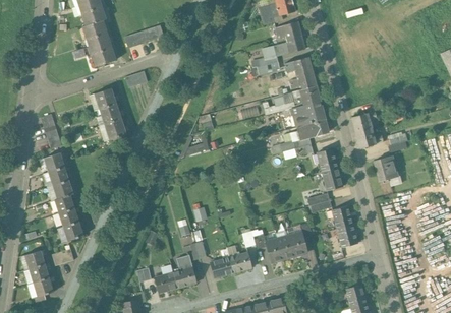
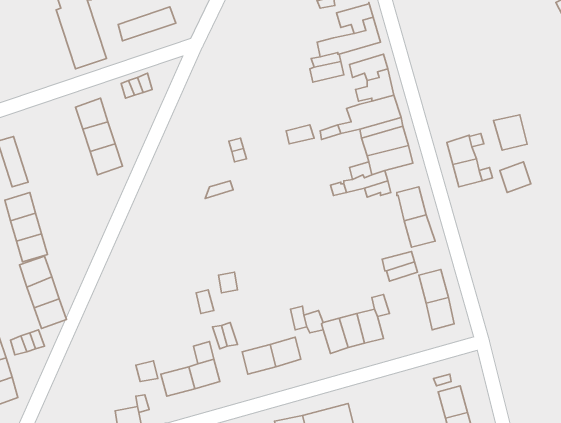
building: [374,156,397,181] -> [493,115,527,150]

